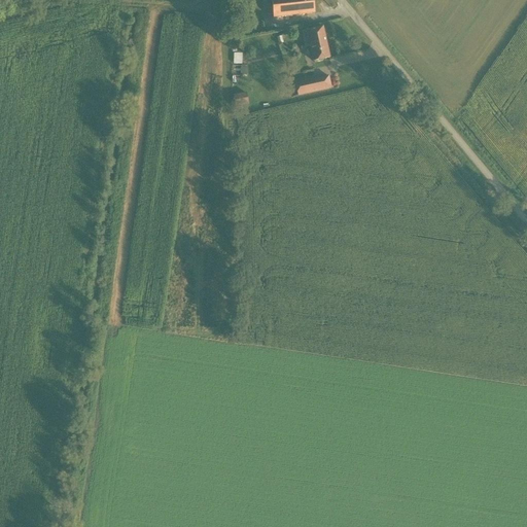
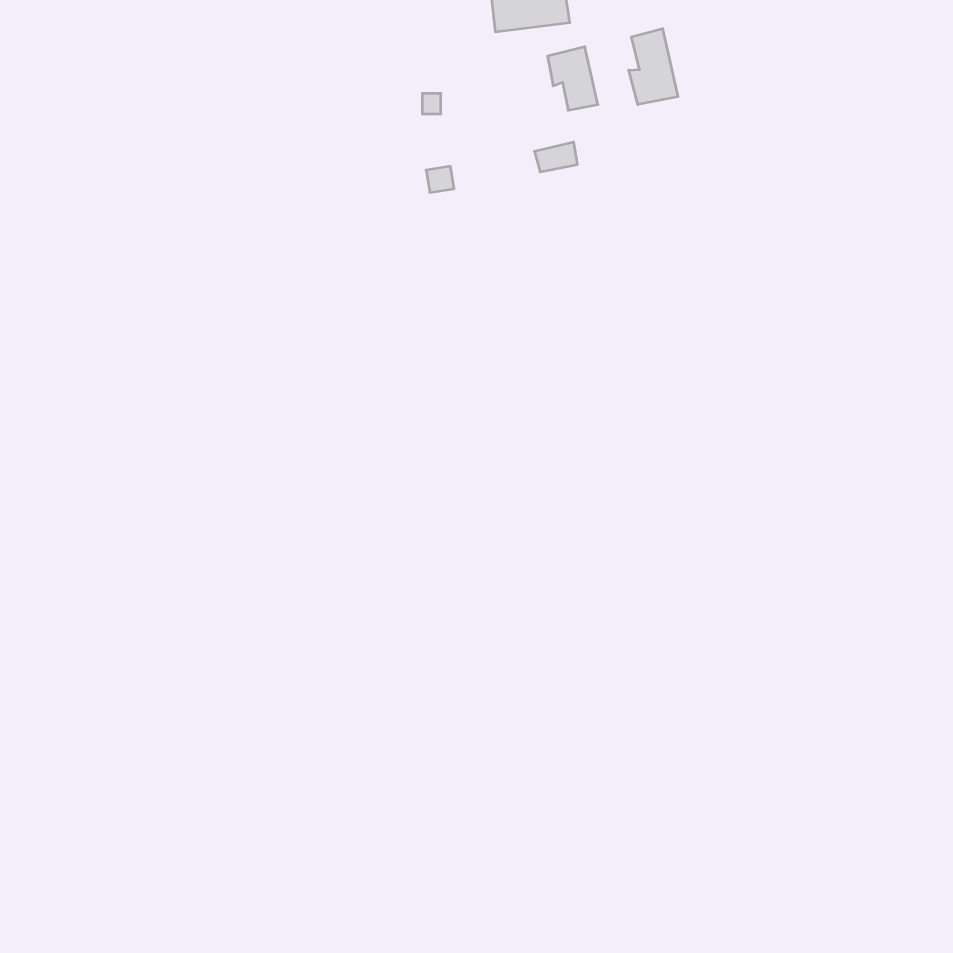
building: none -> [629,29,678,105]

